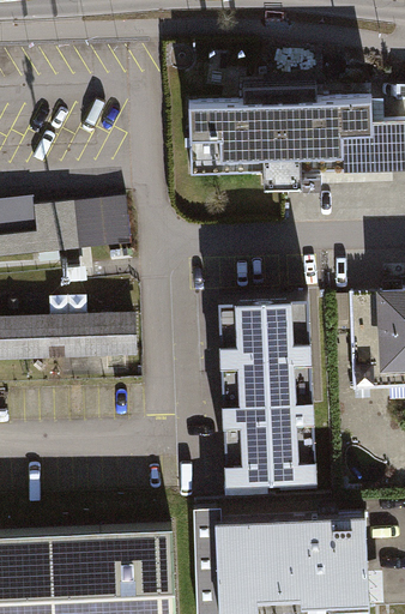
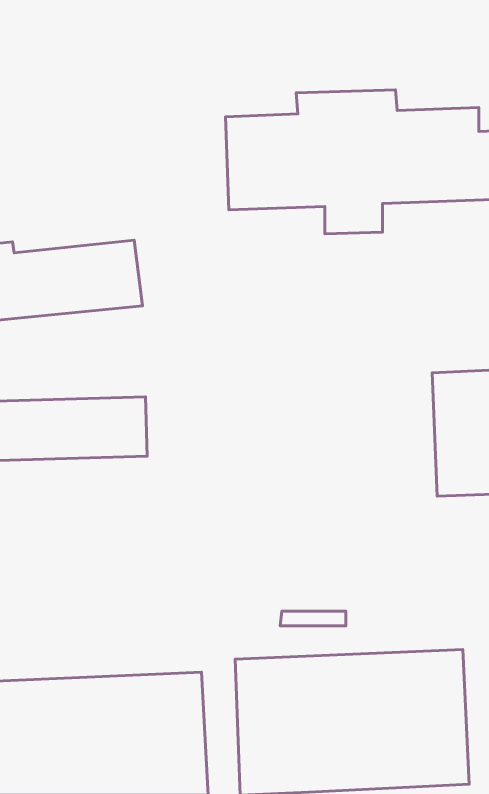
building: [214,285,316,469] -> none

